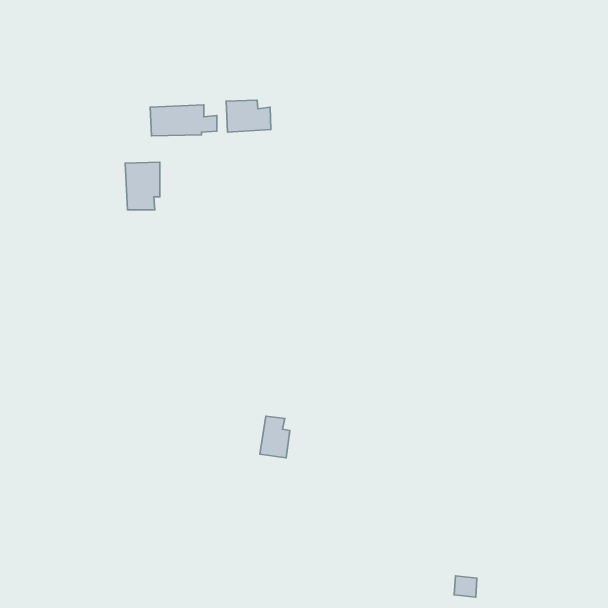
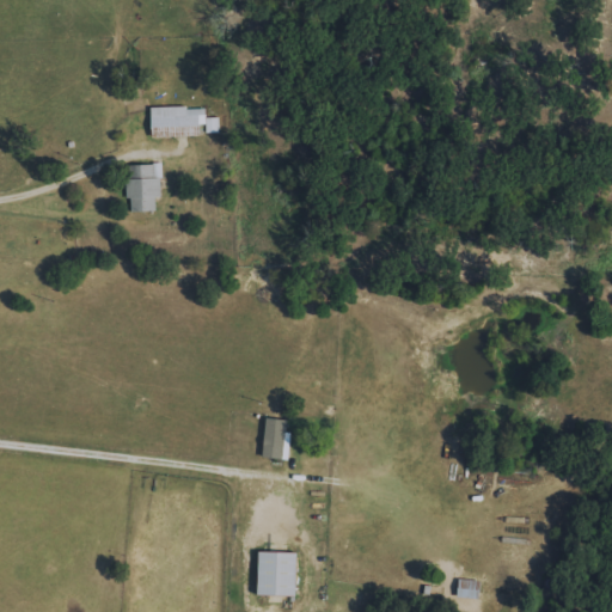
building: [226,100,271,132] -> none
building: none -> [257,551,296,595]

